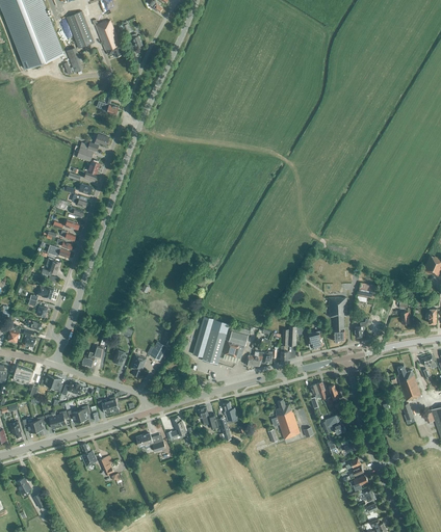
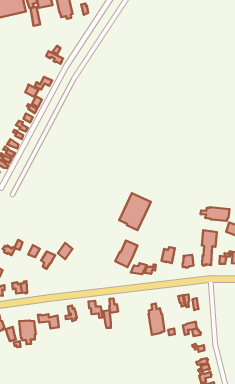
building: none -> [201,207,230,221]
building: [192,318,229,364] -> [119,193,151,230]
building: none -> [19,320,36,344]

